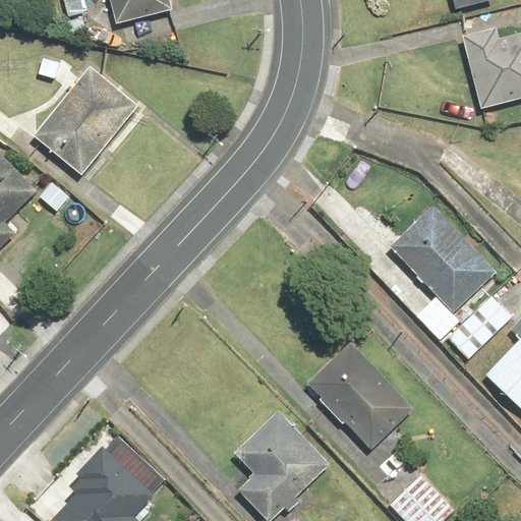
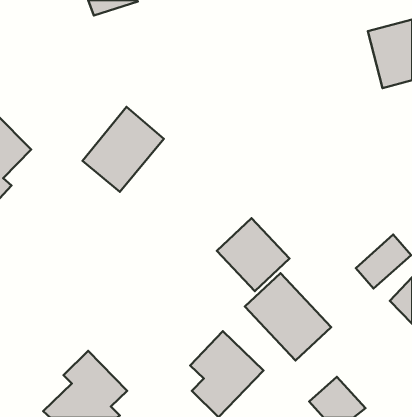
building: [39,68,140,174] -> [82,107,164,192]
building: [389,206,497,329] -> none
building: none -> [217,218,289,291]

